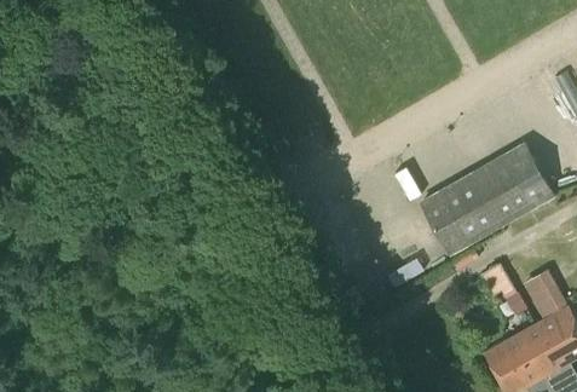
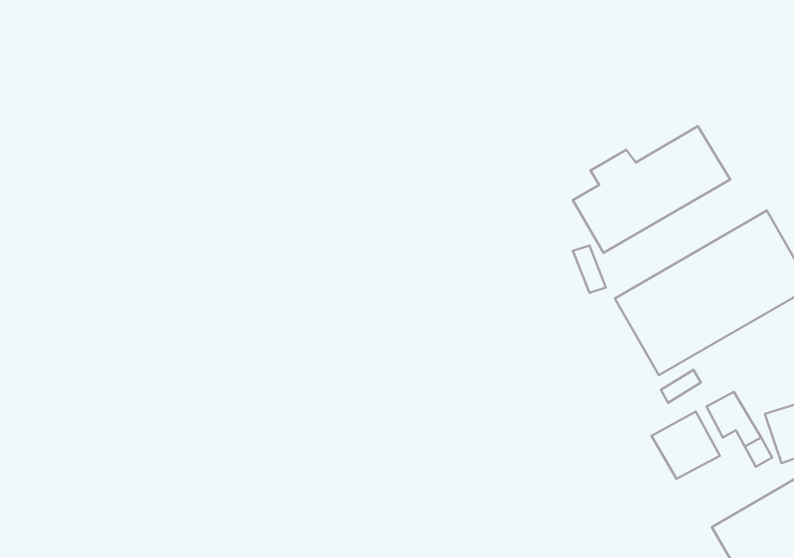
building: none -> [573,126,730,253]
building: none -> [651,411,720,479]

